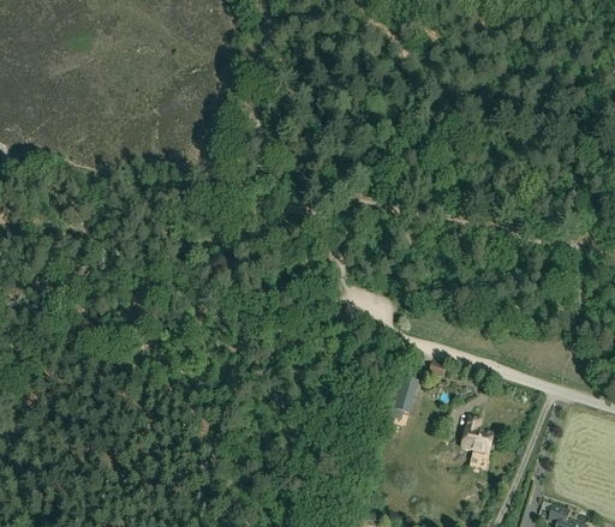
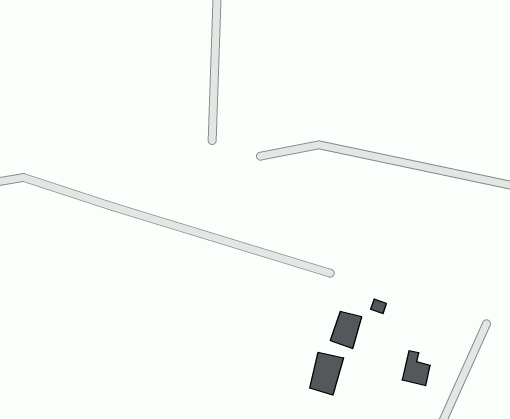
building: none -> [310,352,344,395]

